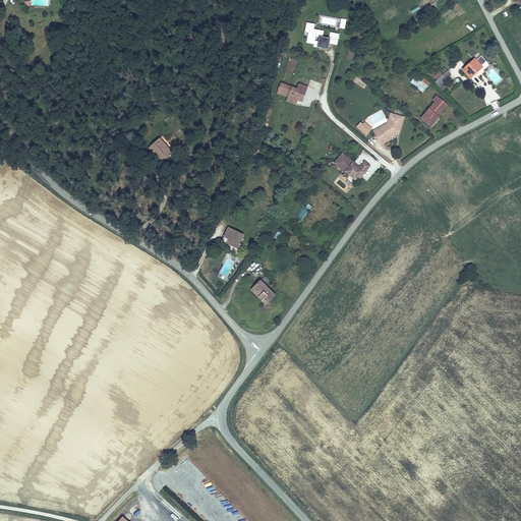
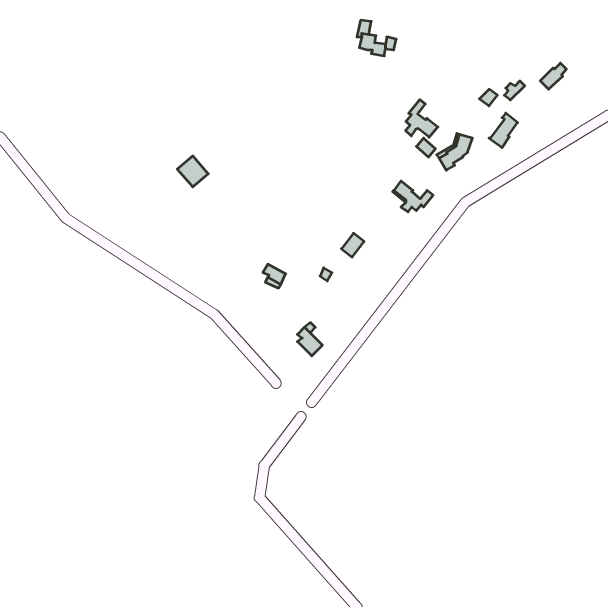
building: [277,79,308,104] -> none
building: none -> [406,100,438,137]

